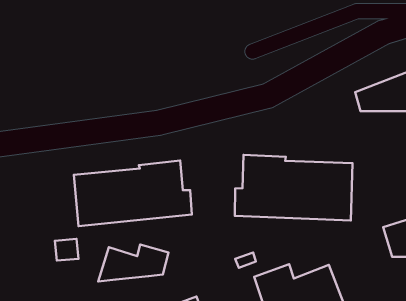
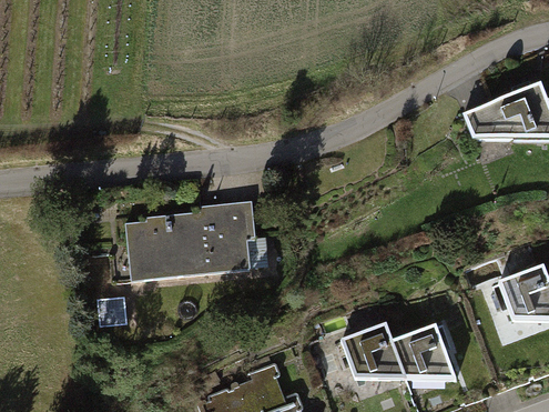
building: [235,155,352,220] -> none
building: [98,244,168,281] -> none

